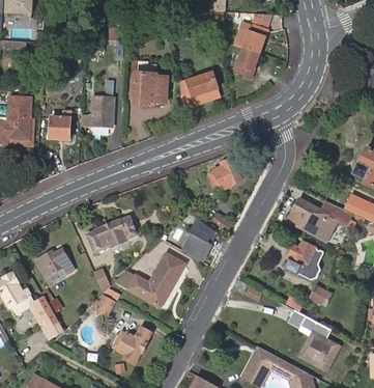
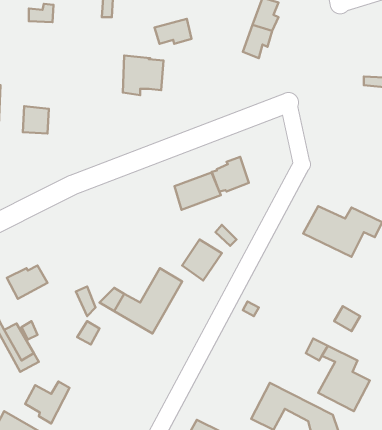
building: [185,71,217,91] -> [155,19,192,44]
building: [92,98,115,126] -> none
building: none -> [174,172,221,210]
building: [87,216,138,252] -> none
building: [286,240,325,279] -> none
building: [113,328,150,363] -> [25,382,70,424]

